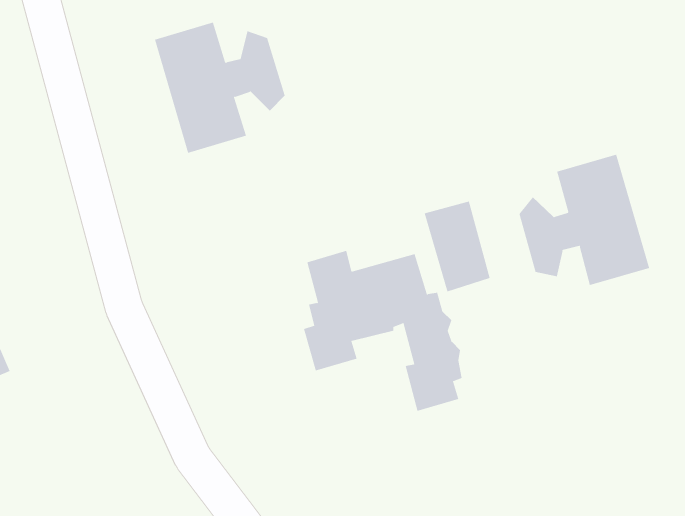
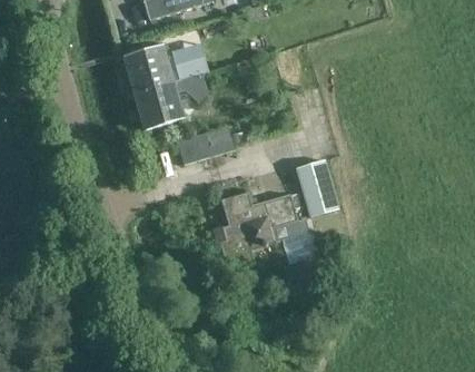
building: [519,154,650,286] -> none
building: none -> [176,131,235,164]

